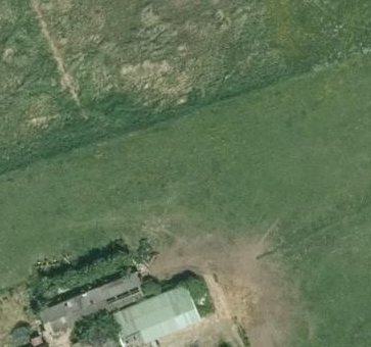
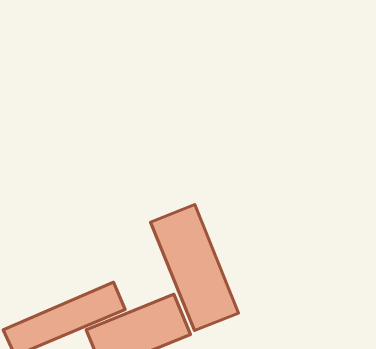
building: none -> [151,205,239,331]

